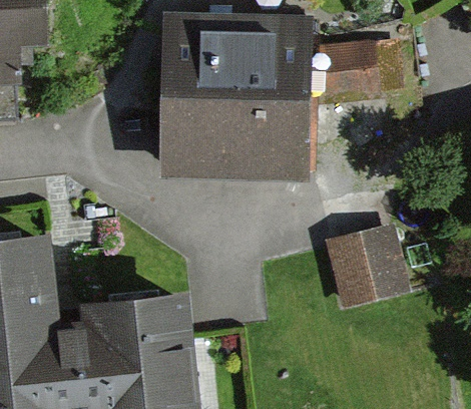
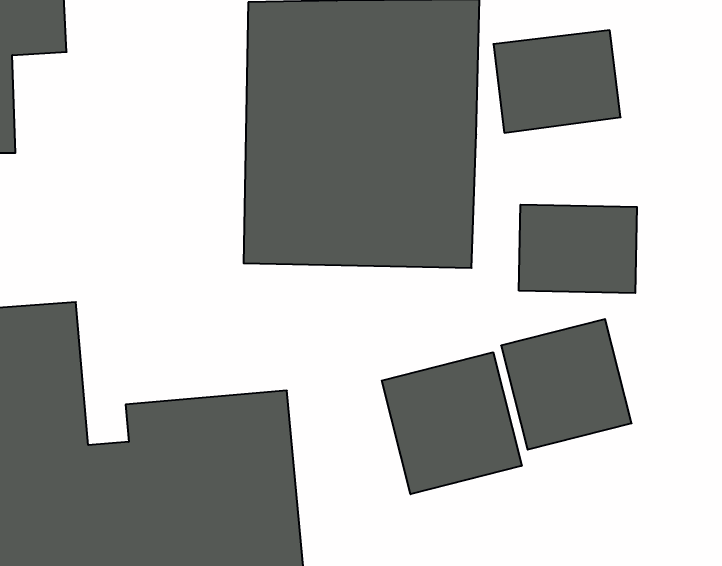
building: none -> [519,205,637,293]
building: none -> [382,352,522,494]

